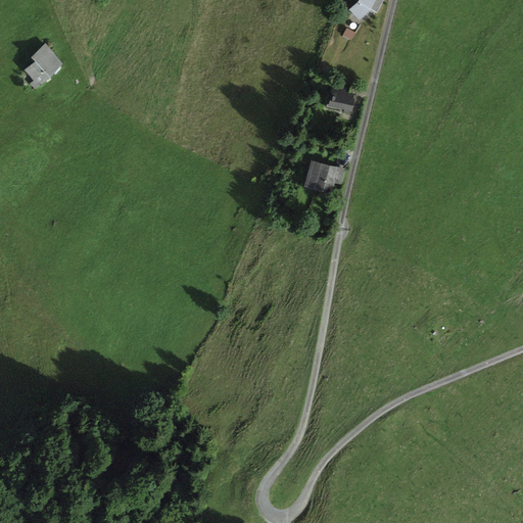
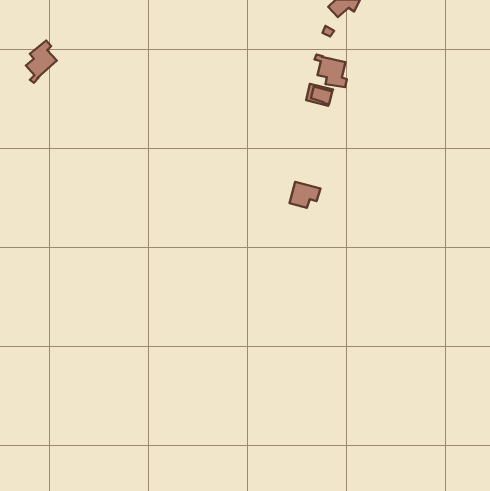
building: none -> [315,54,347,87]
building: [311,162,343,190] -> [290,182,320,208]

